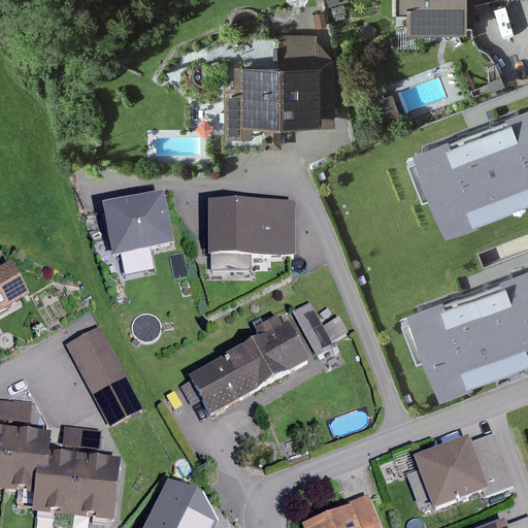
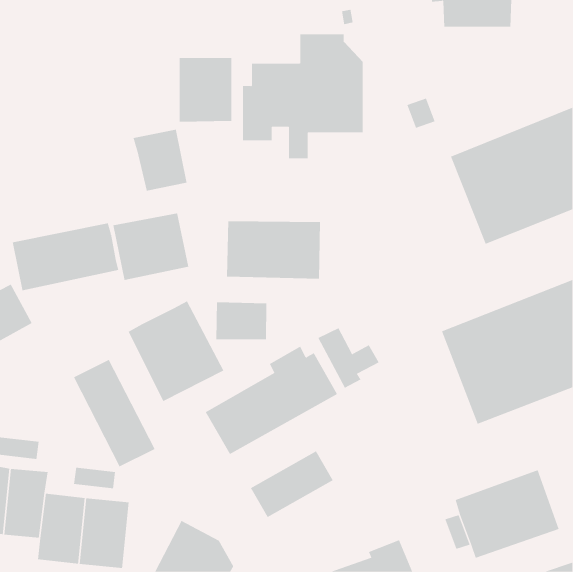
building: none -> [179,57,232,123]
building: none -> [133,129,187,191]
building: none -> [12,223,119,291]
building: none -> [128,301,224,402]
building: none -> [216,302,267,340]
building: none -> [250,450,333,518]

